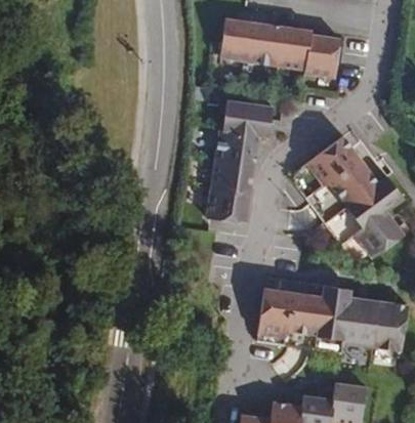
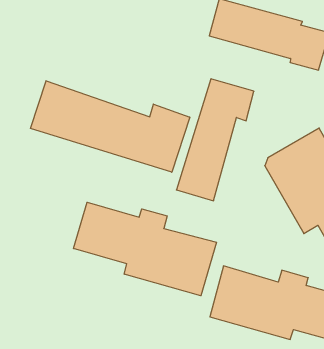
building: none -> [30,81,190,172]
building: none -> [74,202,216,296]

